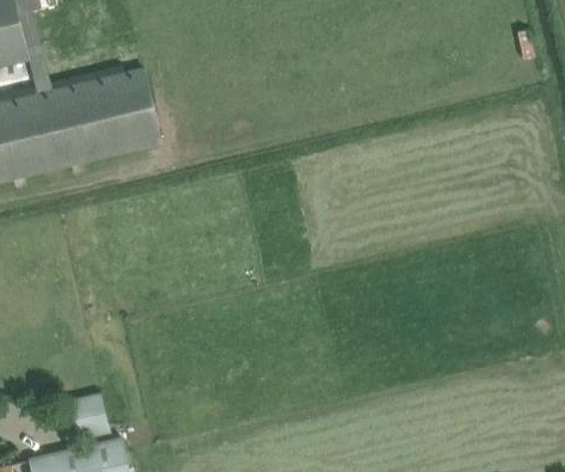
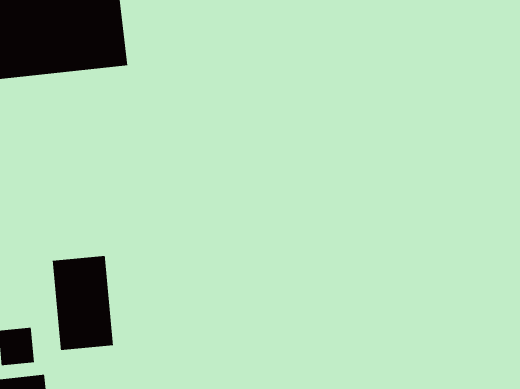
building: none -> [52,255,113,351]

